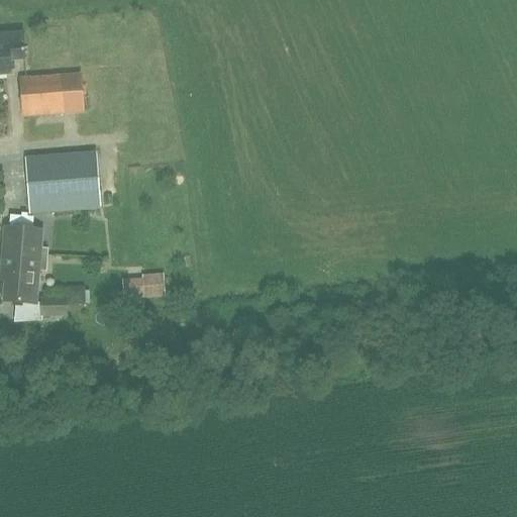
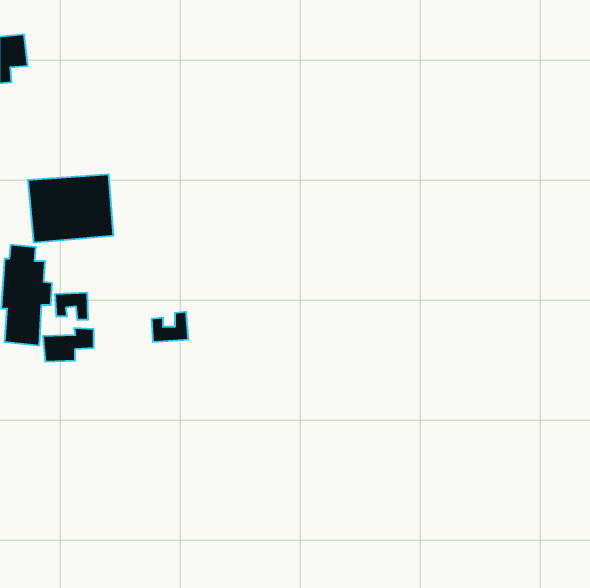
building: [18,73,83,115] -> none
building: none -> [55,293,88,320]

